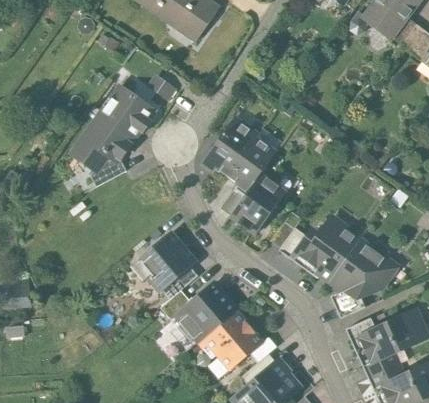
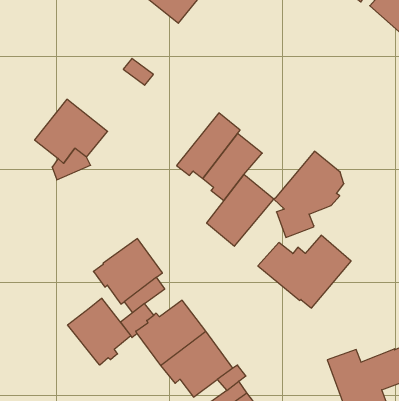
building: [100,82,159,139] -> none
building: [328,239,389,317] -> [274,151,344,237]
building: none -> [68,298,131,365]

